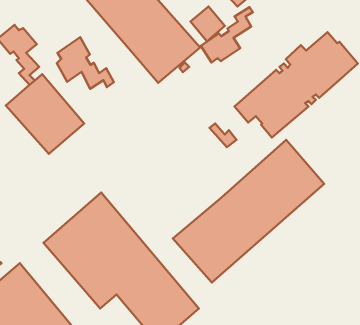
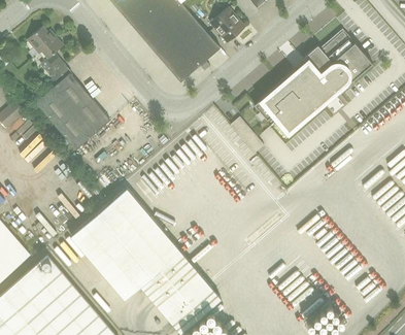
building: [201,7,253,63] -> none
building: [57,37,114,89] -> none
building: [173,140,324,283] -> none

